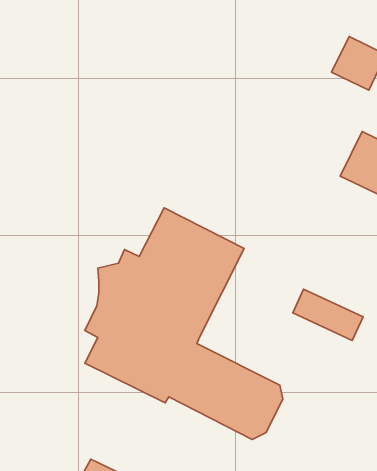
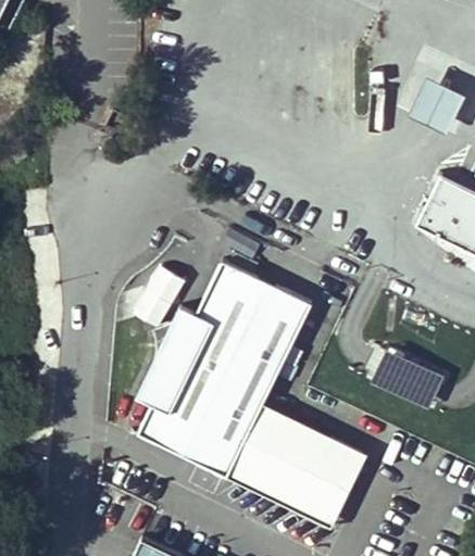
building: none -> [225,402,370,529]

